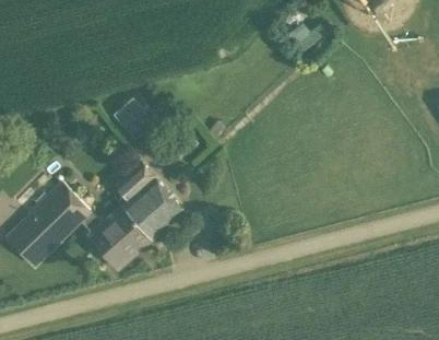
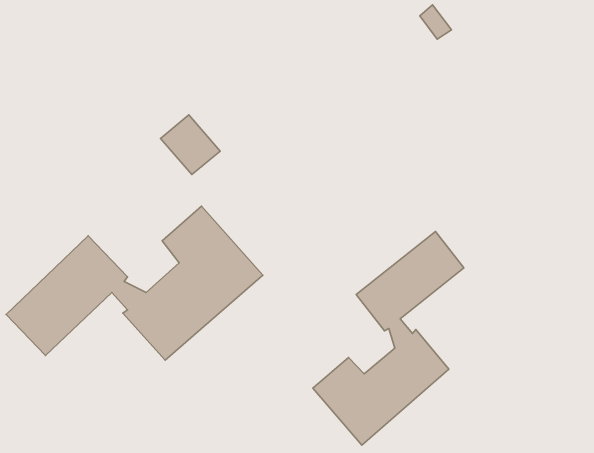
building: none -> [313,231,464,445]

